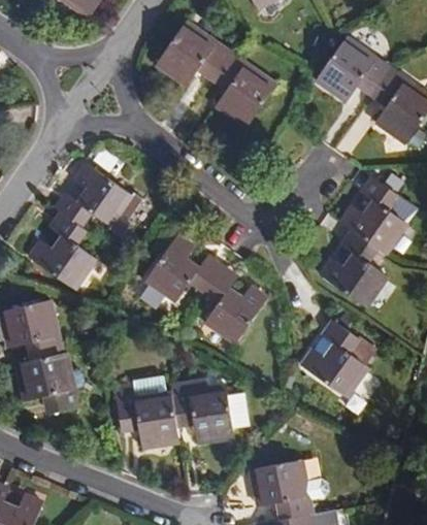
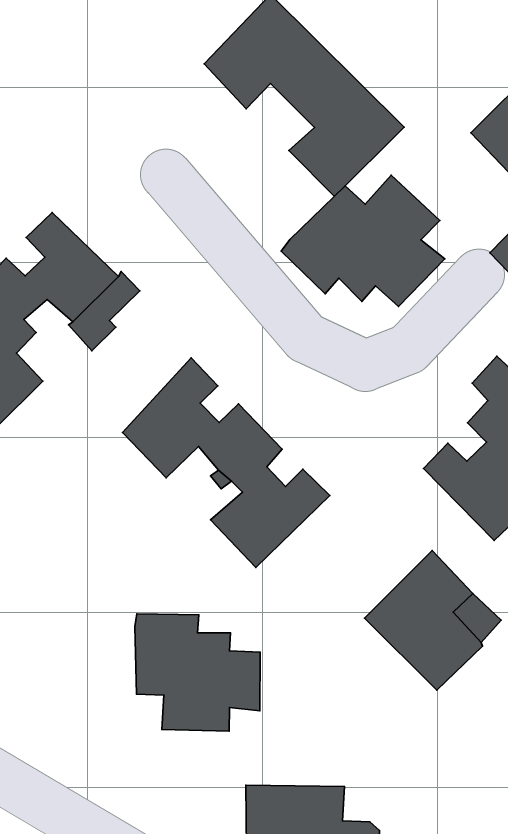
building: none -> [281,175,445,306]
building: [114,374,179,450] -> none

